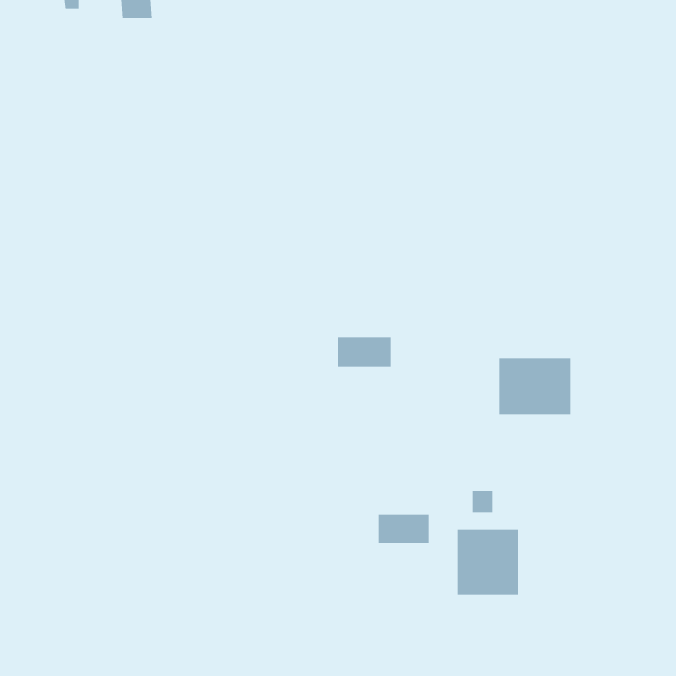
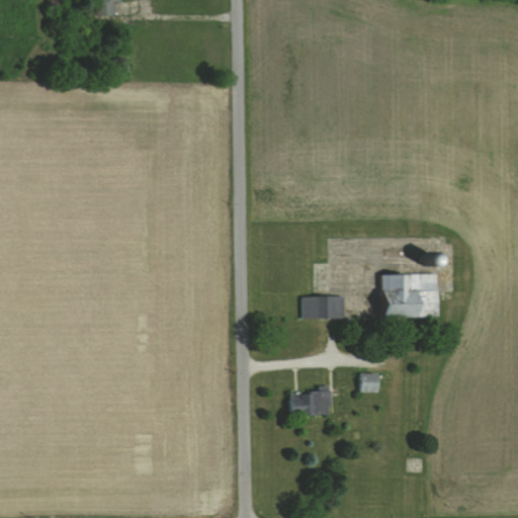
building: [337,337,391,367] -> [303,295,344,319]
building: [457,529,518,596] -> none

